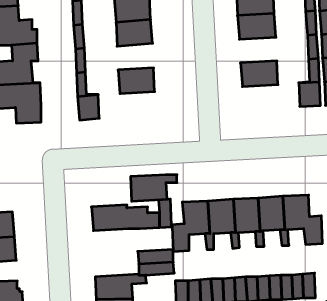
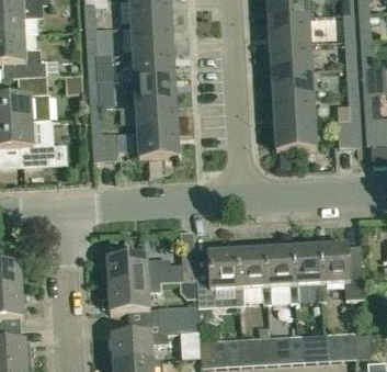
building: none -> [271,68,312,97]
building: none -> [135,75,175,104]
building: none -> [274,121,316,149]
building: none -> [138,128,179,157]
building: [131,175,177,201] -> [109,281,160,311]

